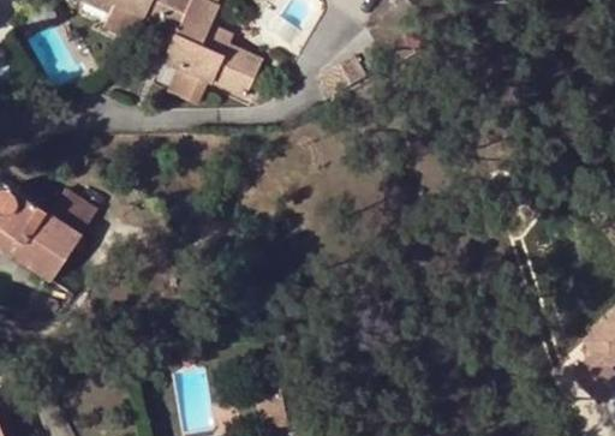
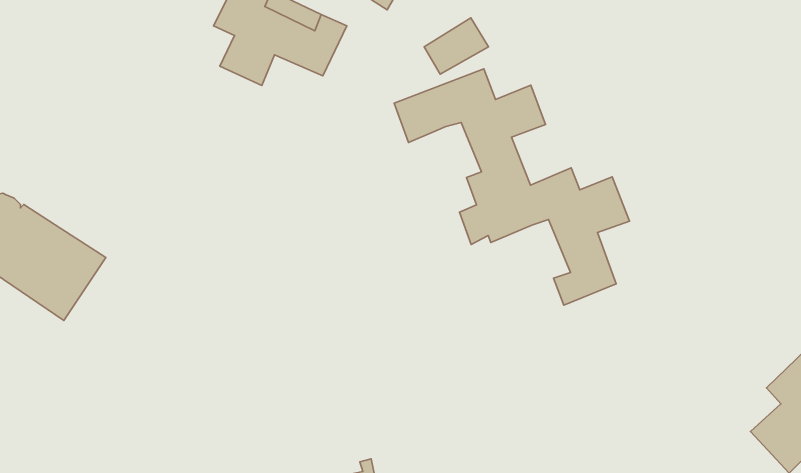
building: none -> [394,69,630,305]
building: [48,187,97,234] -> none

